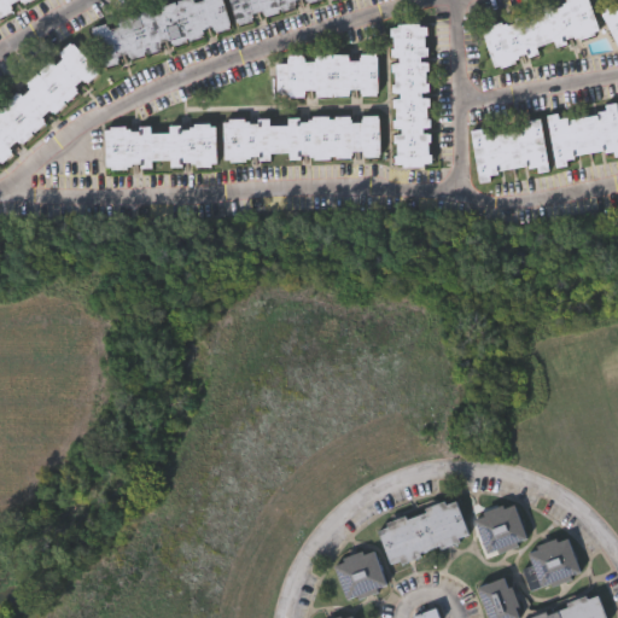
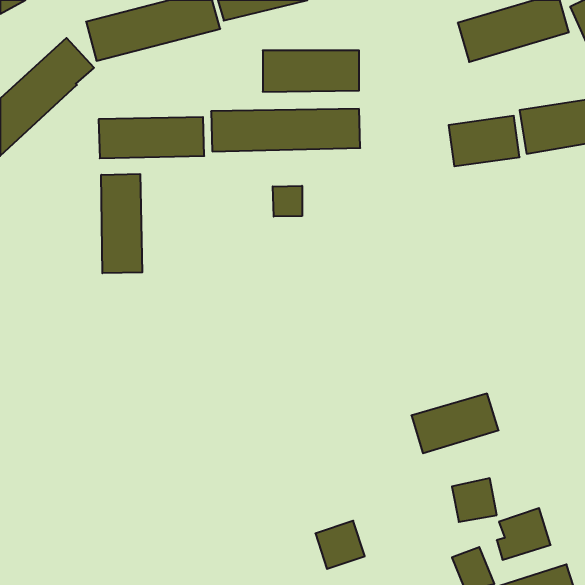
building: [391,24,431,165] -> none
building: none -> [101,174,142,273]
building: none -> [273,186,302,217]
building: [377,501,468,564] -> [411,394,499,453]

